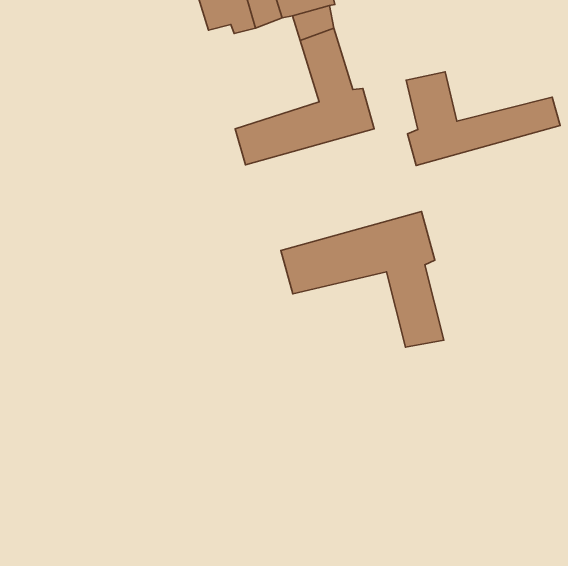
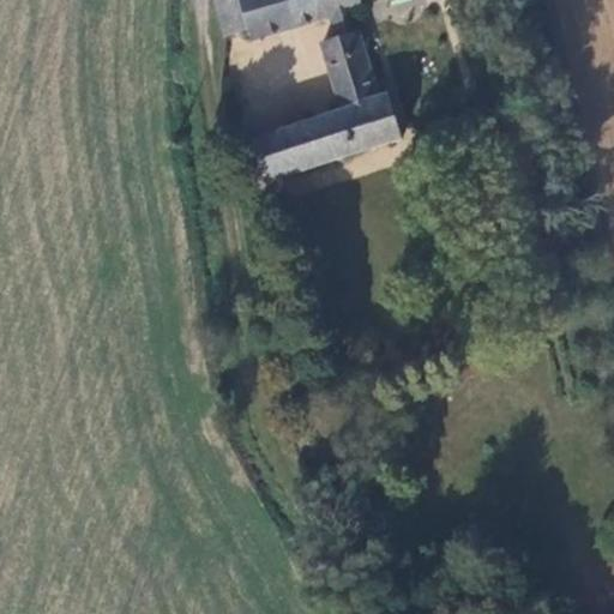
building: [406,72,560,166] -> none
building: [281,212,444,347] -> none

